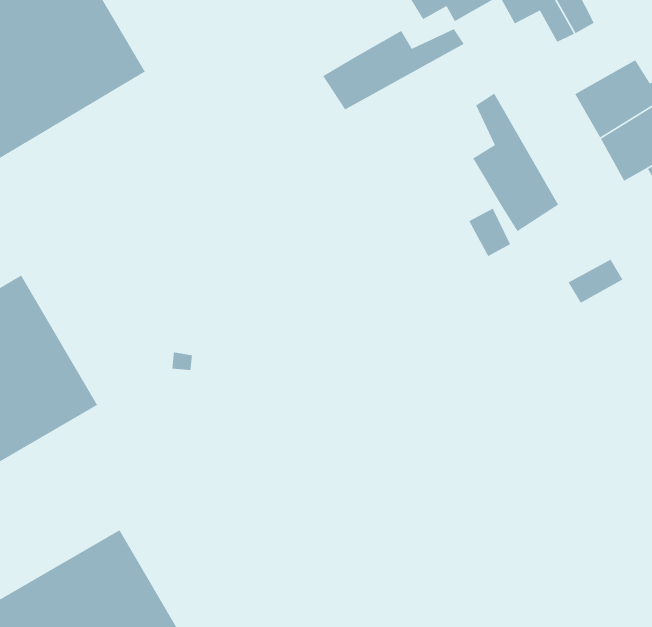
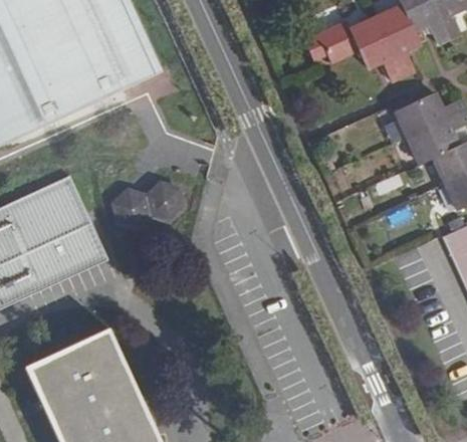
building: [322,28,465,111] -> none
building: [472,92,559,232] -> none
building: none -> [113,183,181,227]

